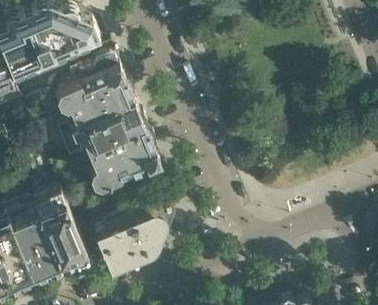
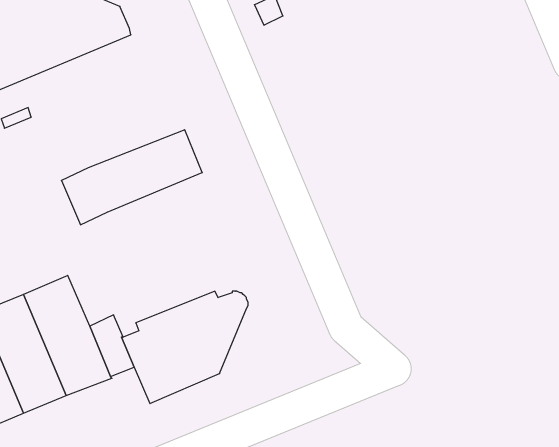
building: [56,61,135,127] -> none
building: [86,130,161,190] -> none

